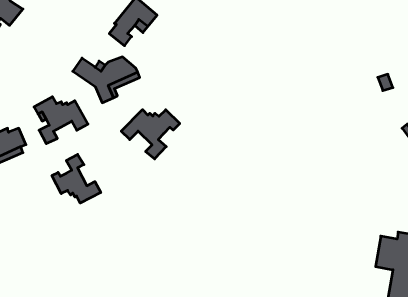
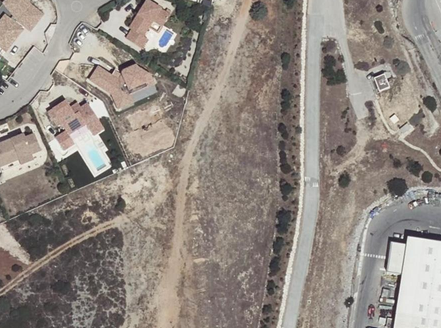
building: [121,110,180,159] -> none
building: [52,154,101,203] -> none

